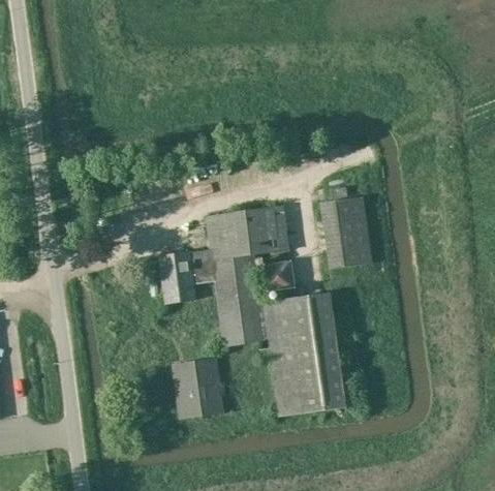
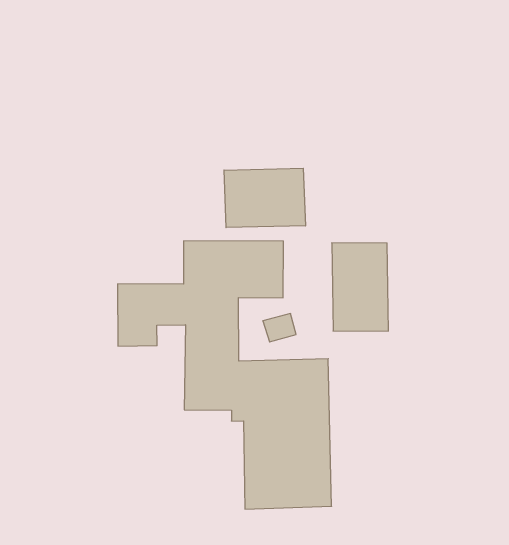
building: none -> [224,168,305,228]
building: [174,360,222,417] -> none

